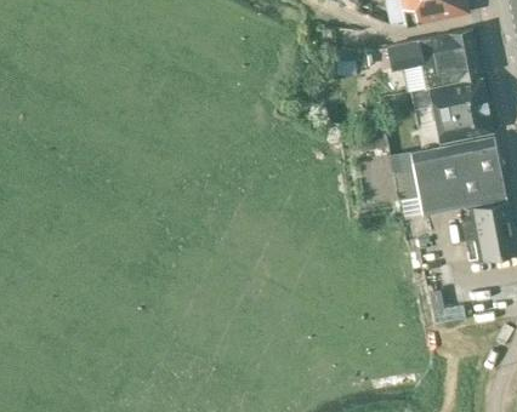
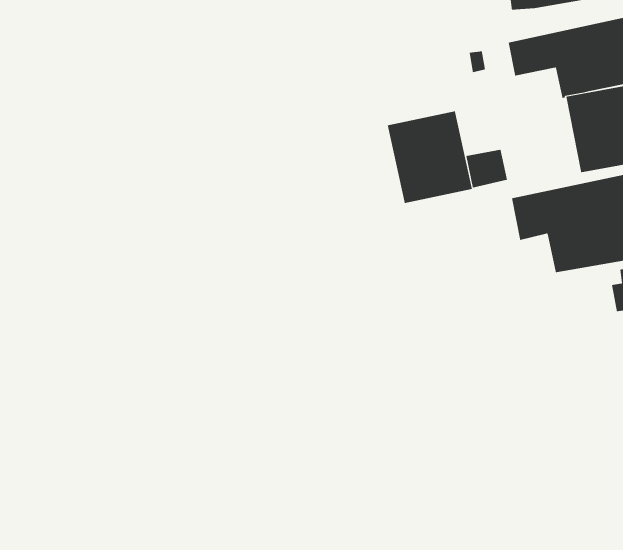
building: none -> [387,111,472,204]

